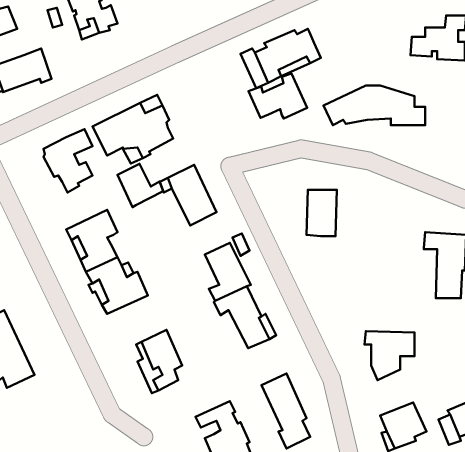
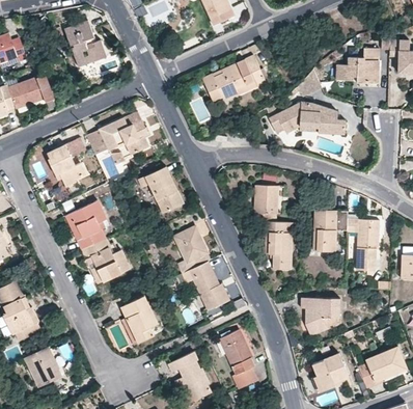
building: [248,73,307,118] -> none
building: [117,164,163,207] -> none
building: none -> [313,210,348,252]
building: none -> [266,222,294,270]
building: none -> [25,347,61,387]

